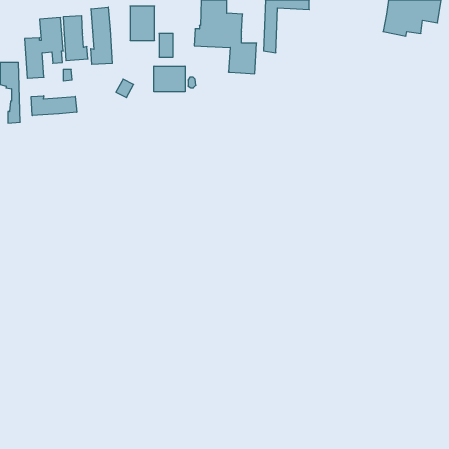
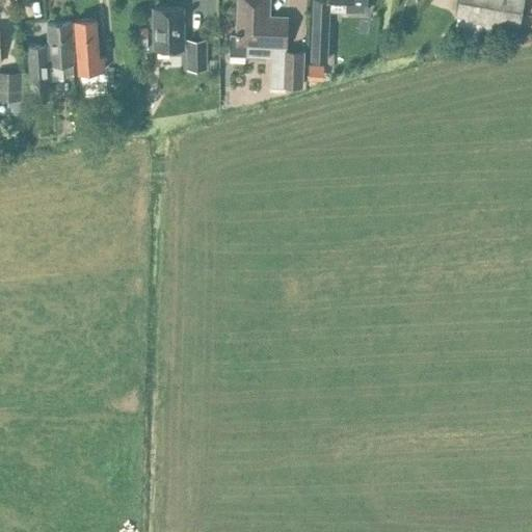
building: [91,7,112,64] -> none
building: [154,66,185,92] -> none
building: [31,96,77,116] -> none

